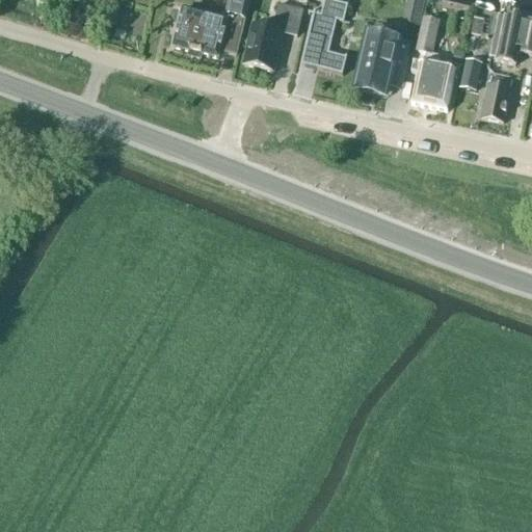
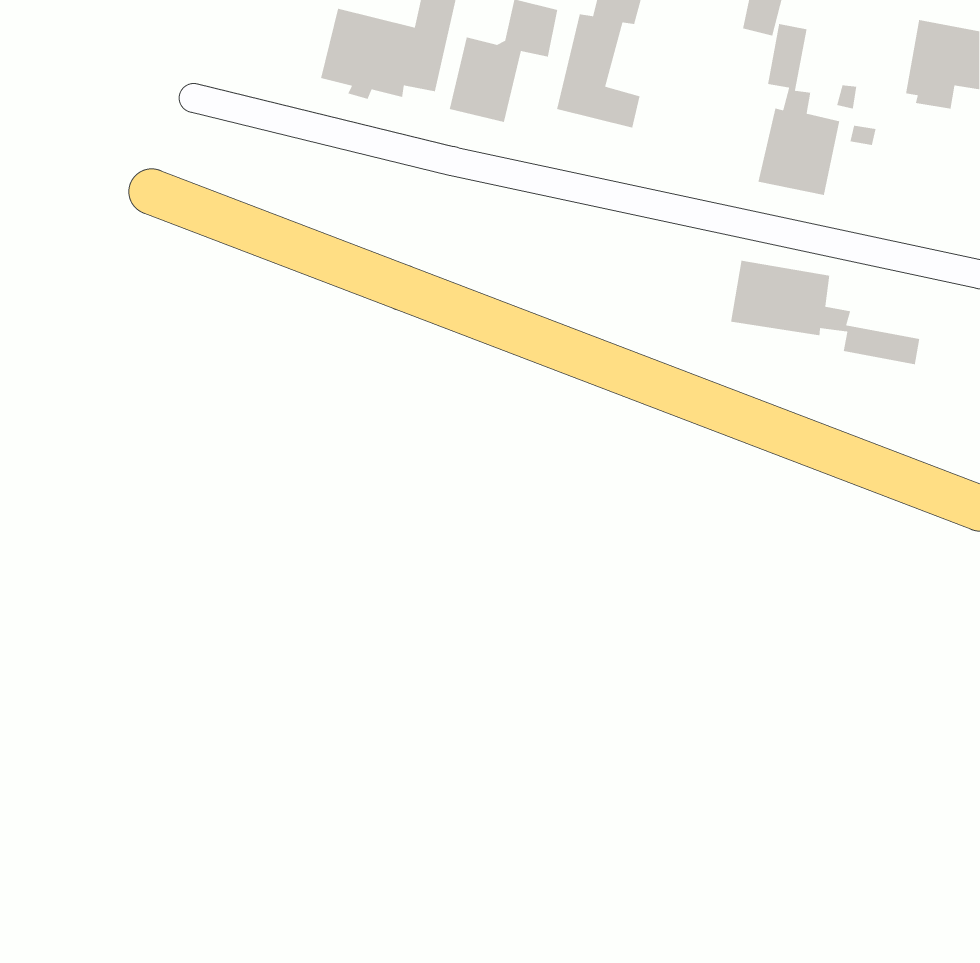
building: [355,30,407,89] -> none
building: [481,73,511,117] -> none
building: none -> [730,260,920,365]

